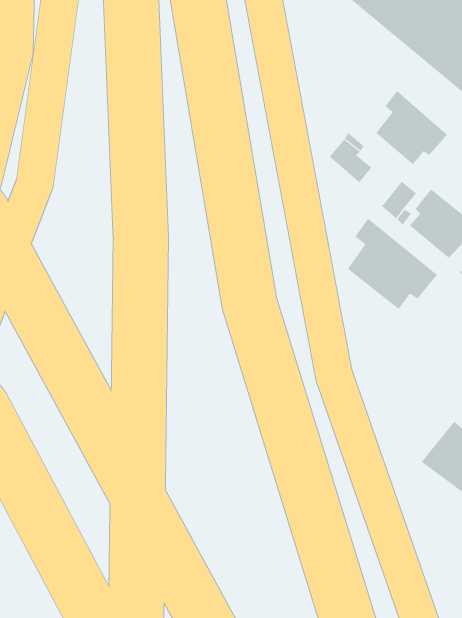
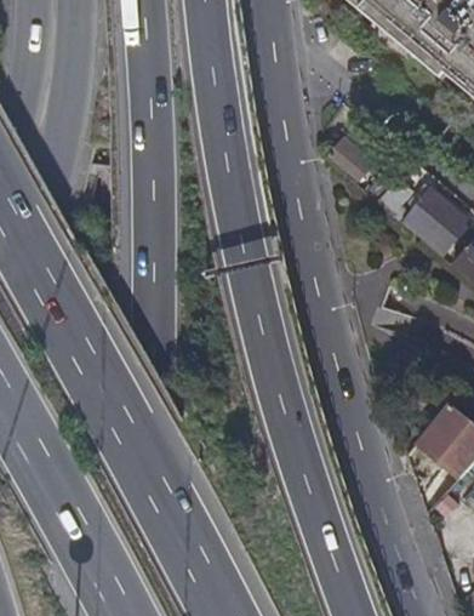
building: [375,90,448,165] -> none
building: [347,218,438,310] -> none

